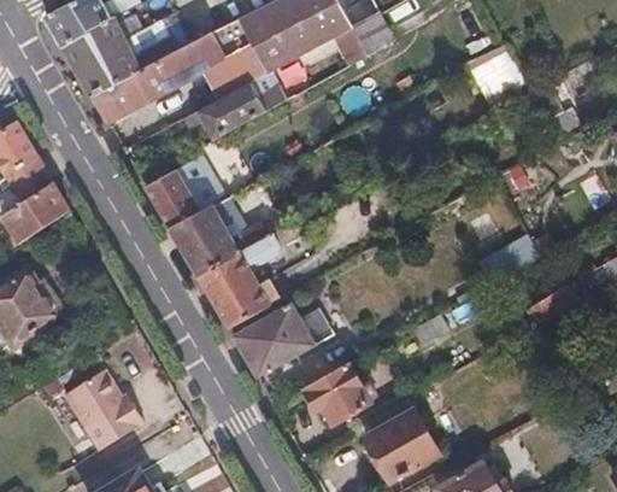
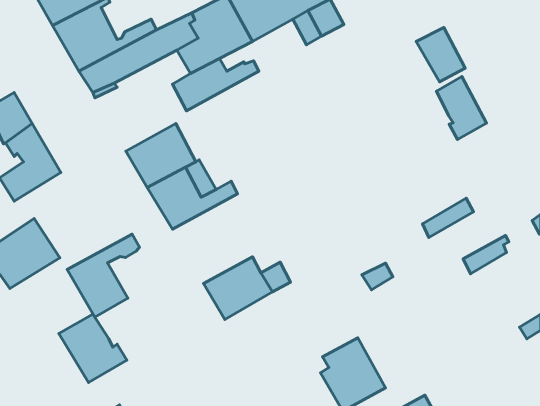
building: none -> [437,76,487,139]
building: [196,235,278,329] -> [67,234,139,317]
building: [305,363,369,422] -> none

